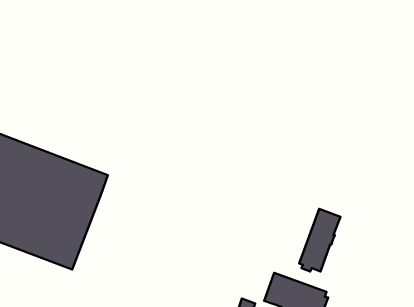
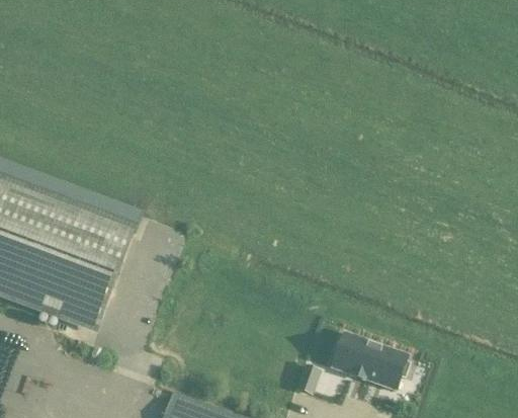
building: [299,209,341,272] -> none

